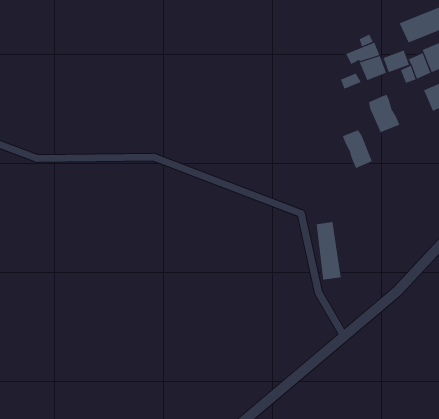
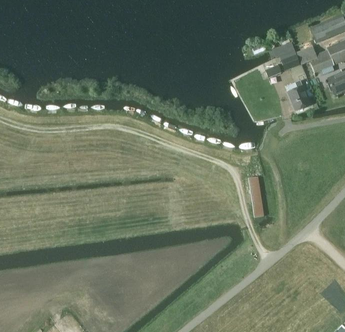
building: [342,129,373,169] -> none

